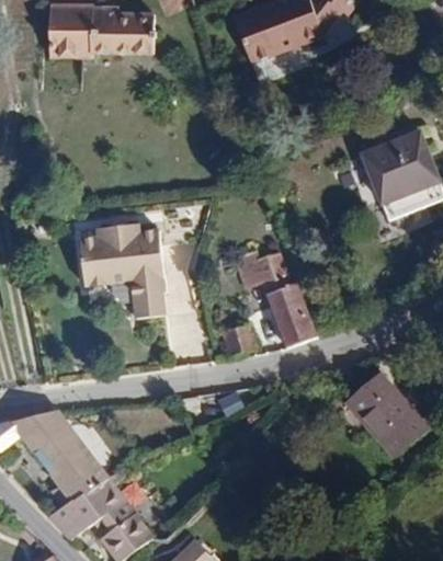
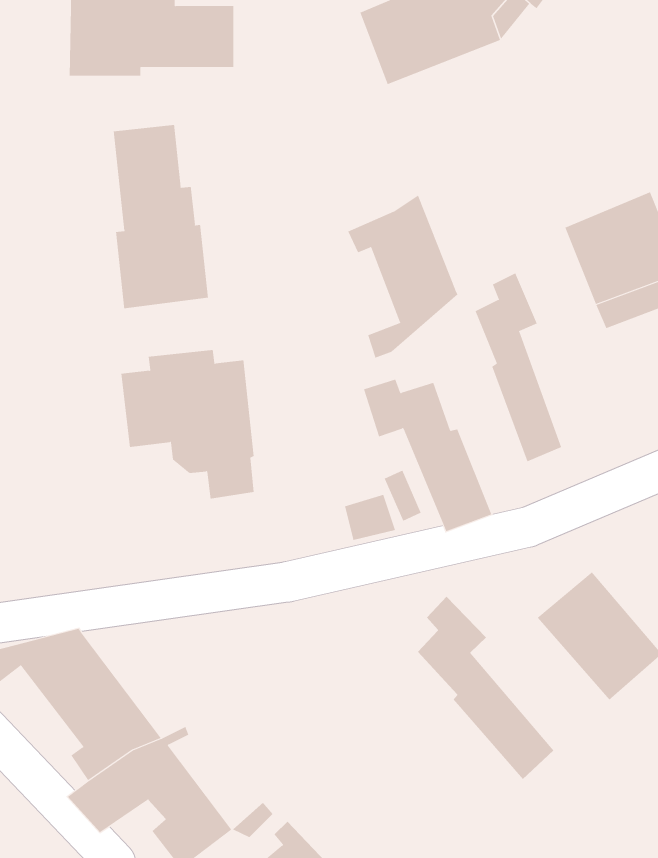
building: none -> [113,124,208,309]
building: none -> [347,194,458,359]
building: none -> [475,273,562,462]
building: none -> [417,596,554,780]

